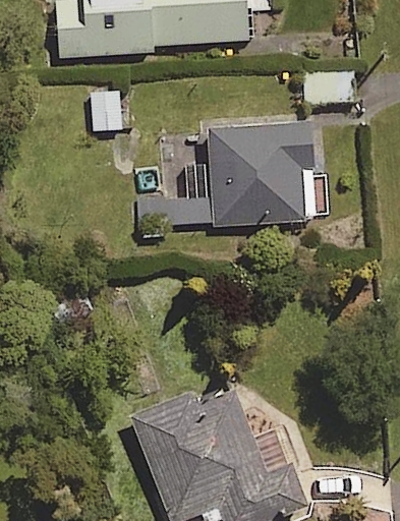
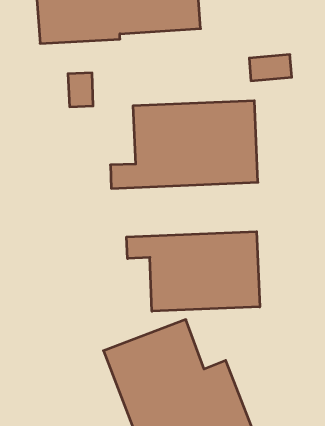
building: none -> [127,232,260,311]

